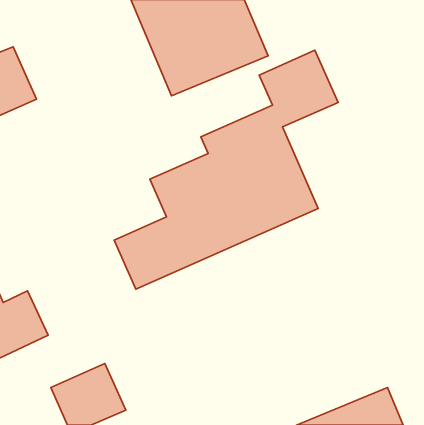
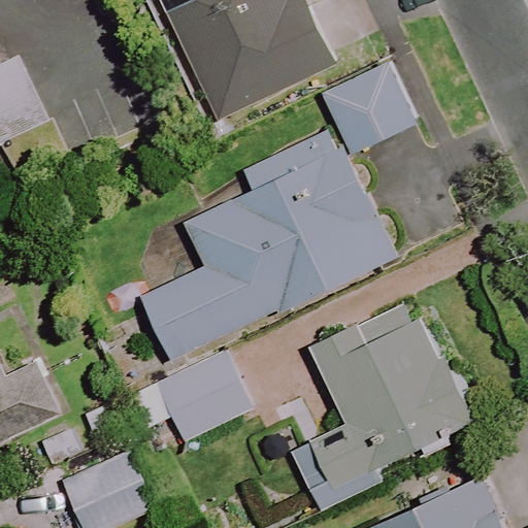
building: none -> [274,302,471,513]
building: none -> [124,353,250,440]

